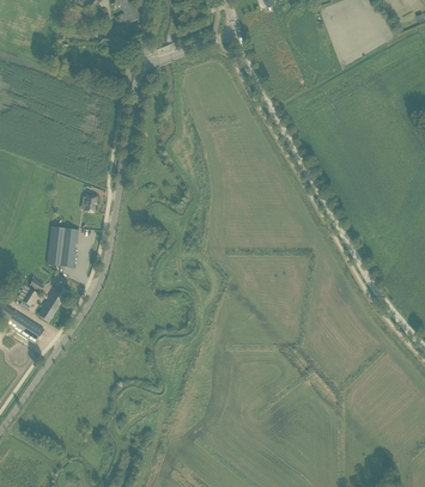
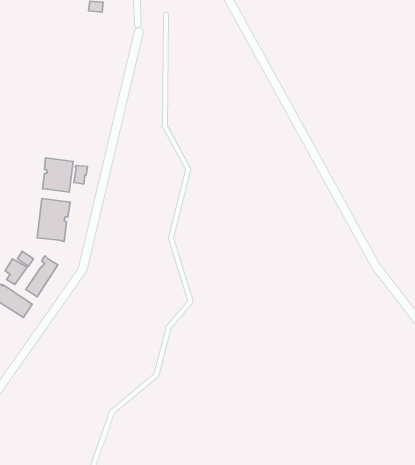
building: none -> [43,158,73,192]

